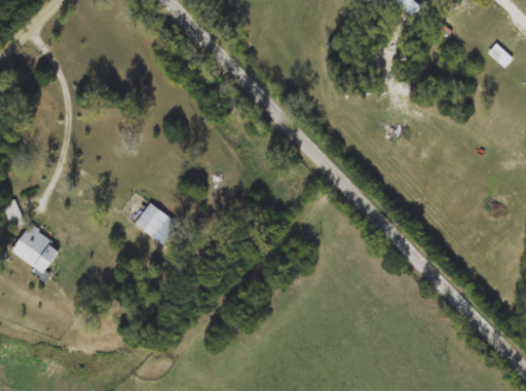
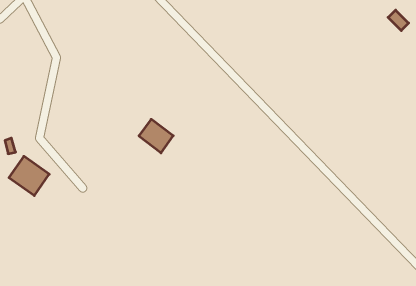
building: [136,202,179,244] -> [139,119,173,153]

